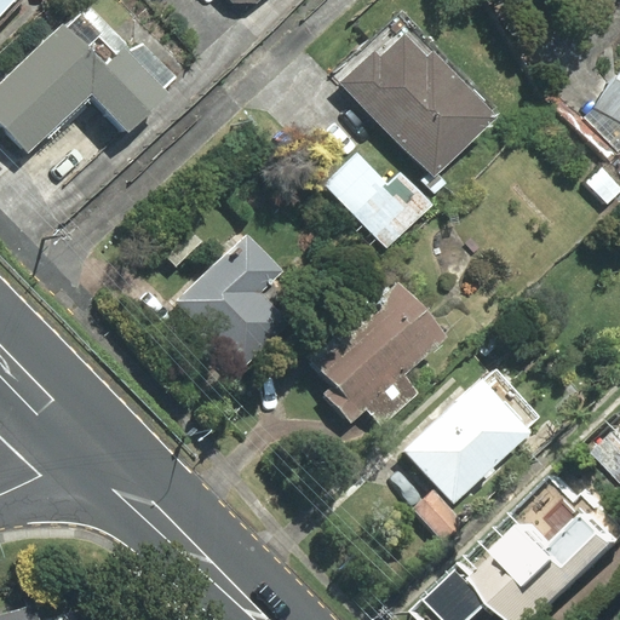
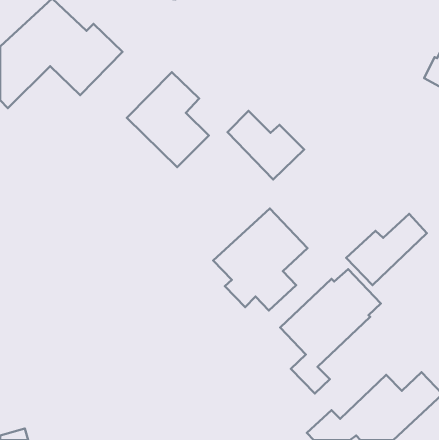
building: [338,38,488,179] -> none
building: [174,239,287,369] -> [127,72,209,167]
building: none -> [346,214,427,285]

